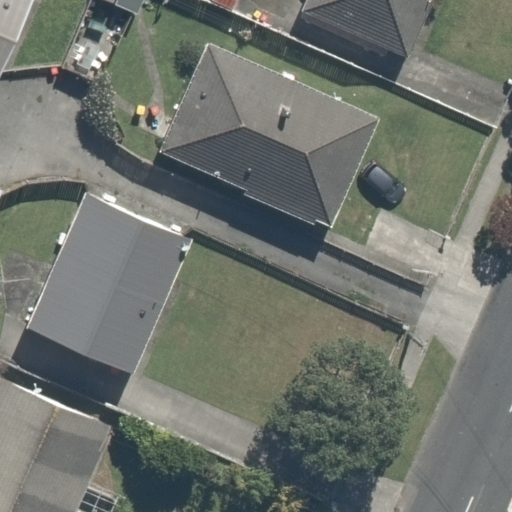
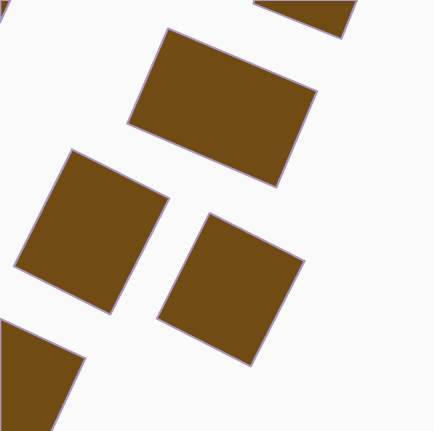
building: none -> [157,213,305,366]

